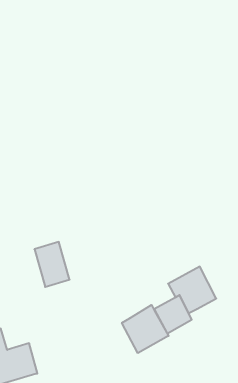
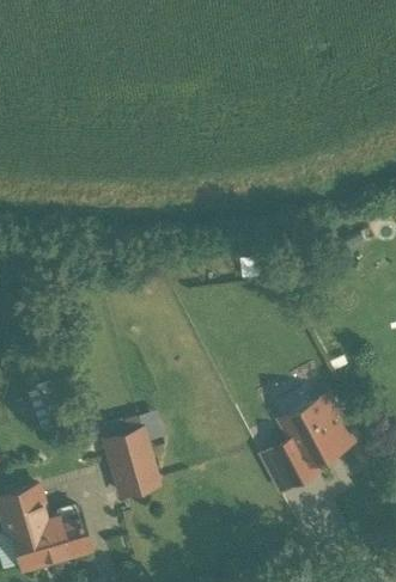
building: [34,242,70,287] -> [105,429,157,495]
building: [122,305,169,353] -> none

